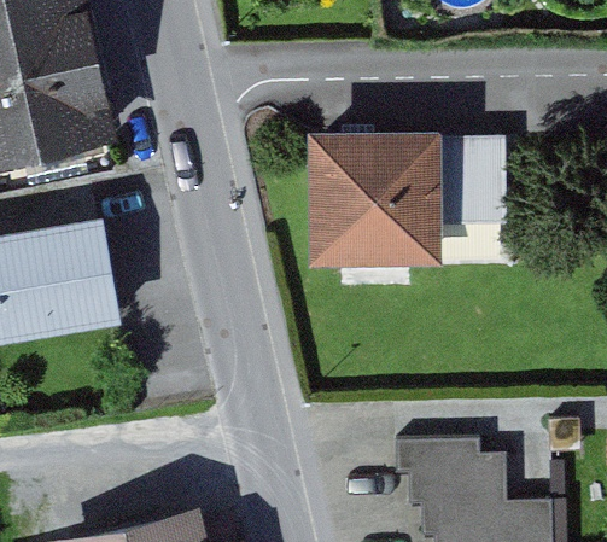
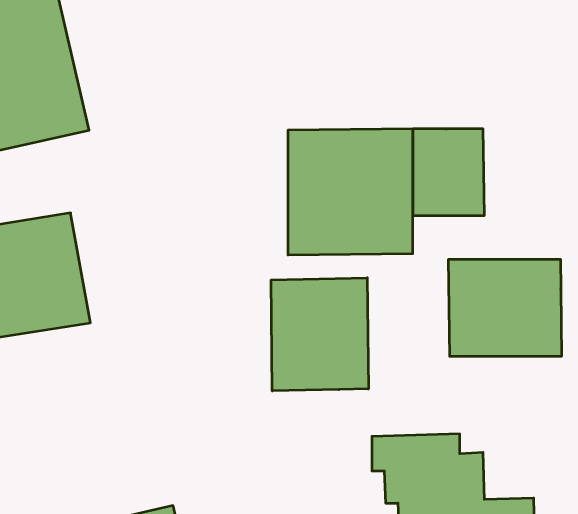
building: none -> [449,259,561,356]
building: none -> [271,278,368,391]

